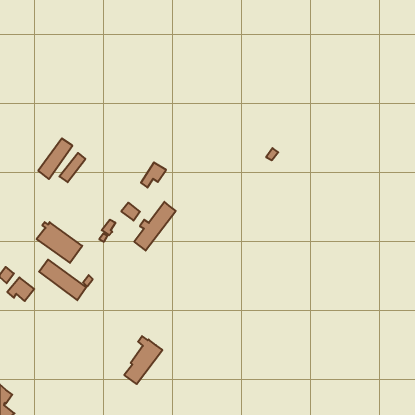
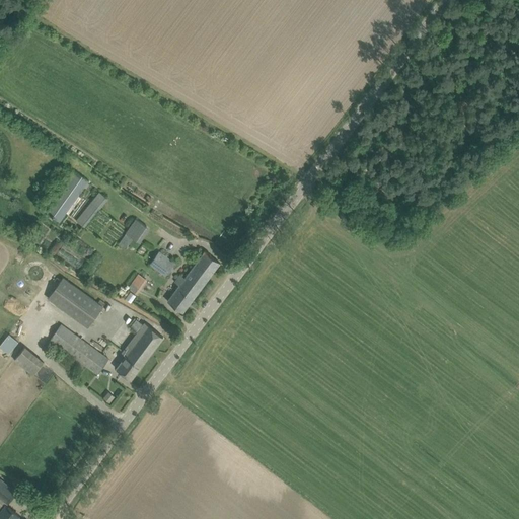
building: [141,162,166,188] -> [118,219,149,250]
building: [124,336,162,384] -> [115,320,162,380]

